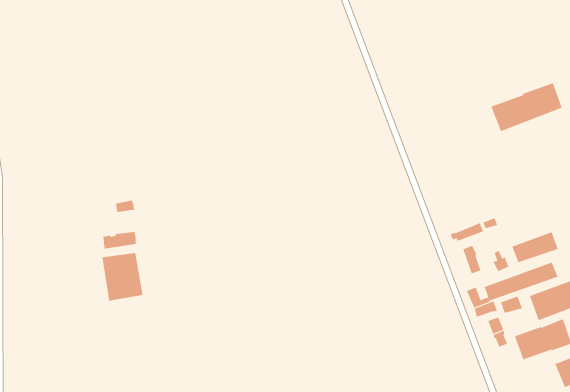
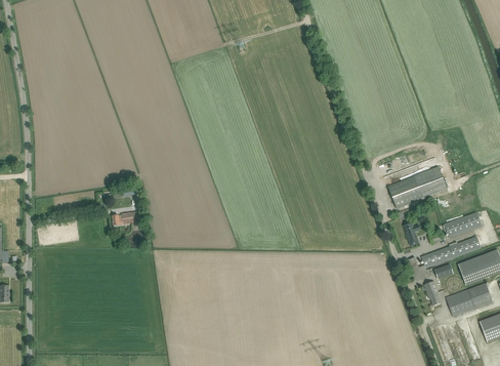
building: [490,83,562,132] -> [388,167,447,207]
building: [102,252,143,301] -> none

